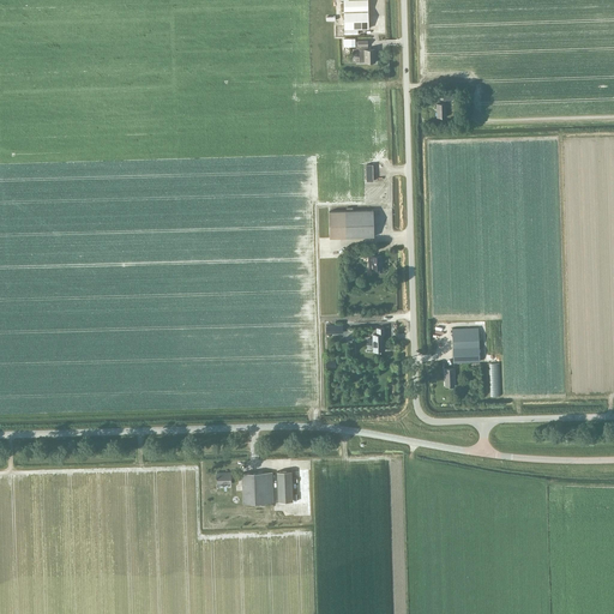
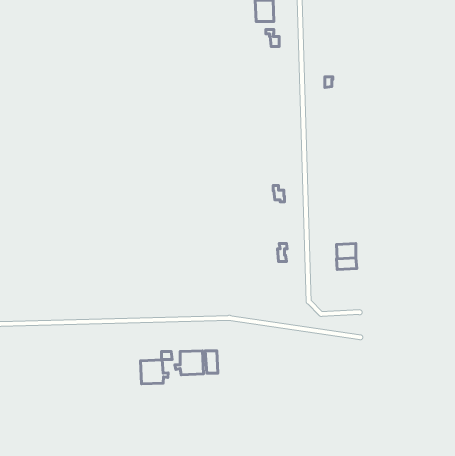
building: [331,206,375,239] -> none
building: none -> [141,360,168,384]

